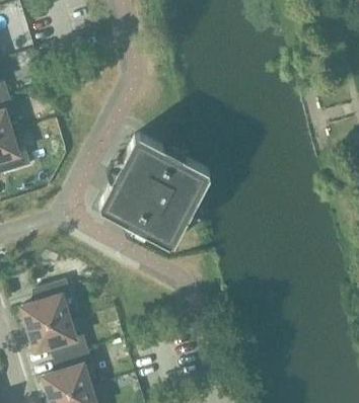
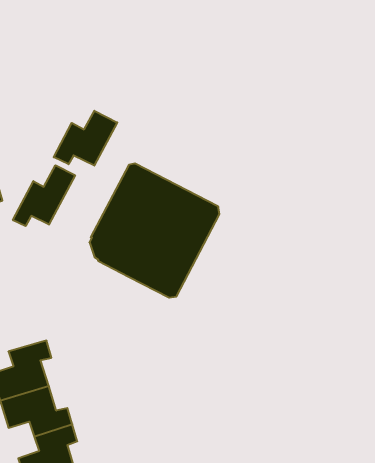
building: none -> [54,111,117,166]
building: none -> [13,165,75,226]

